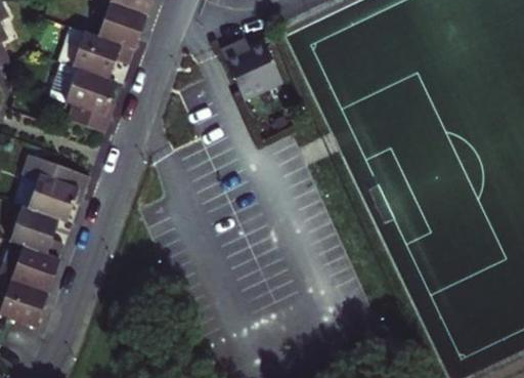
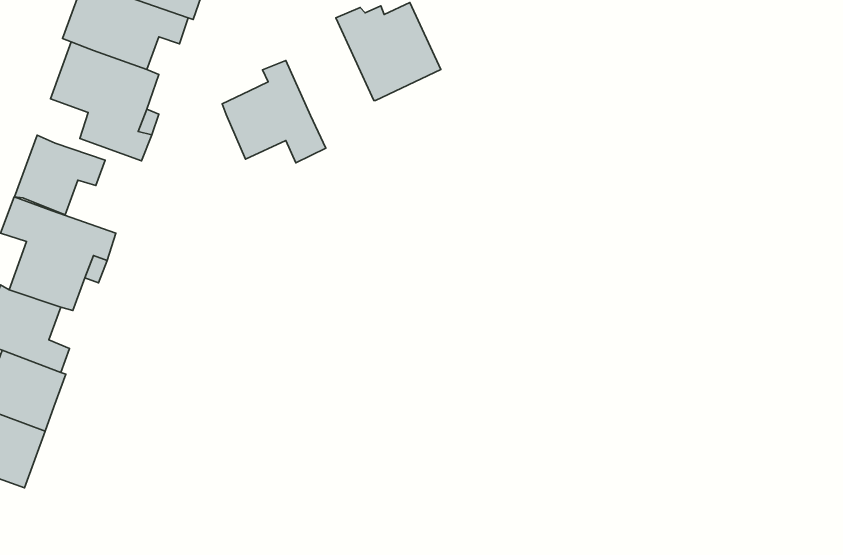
building: none -> [222,60,326,163]
building: none -> [14,135,105,215]

